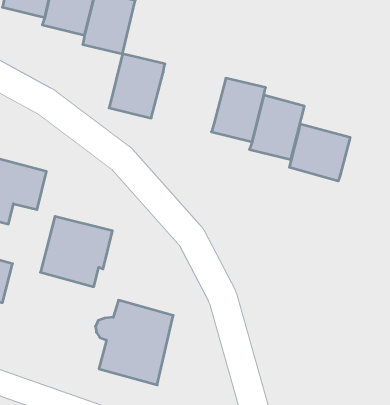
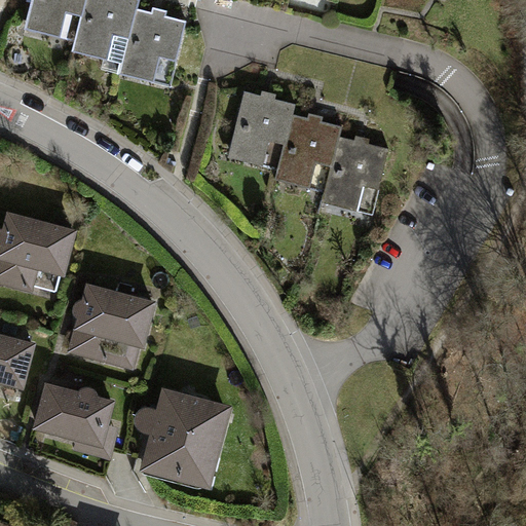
building: [109,54,165,118] -> [227,92,295,171]
building: [289,124,350,181] -> none
building: none -> [32,379,118,459]

